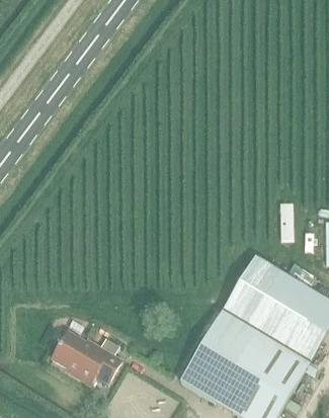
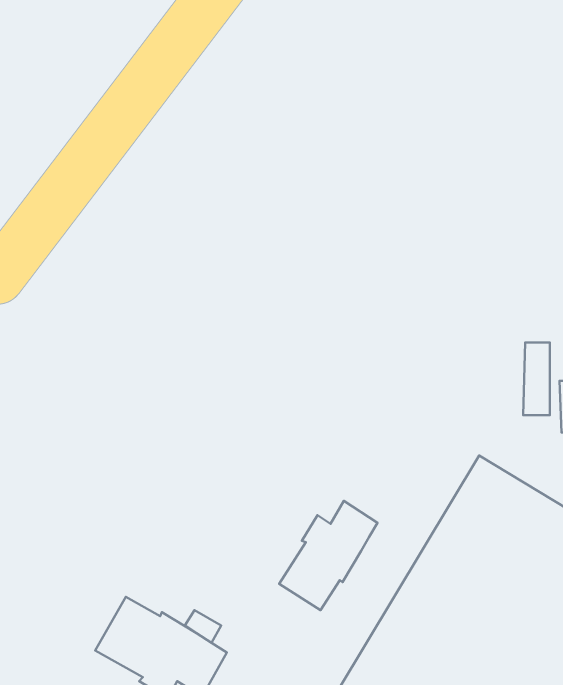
building: none -> [279,501,378,610]

